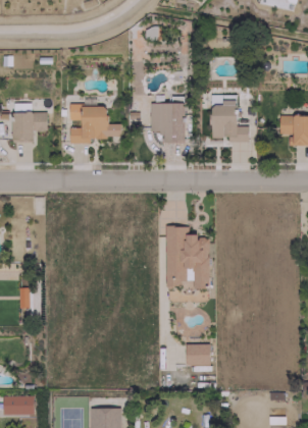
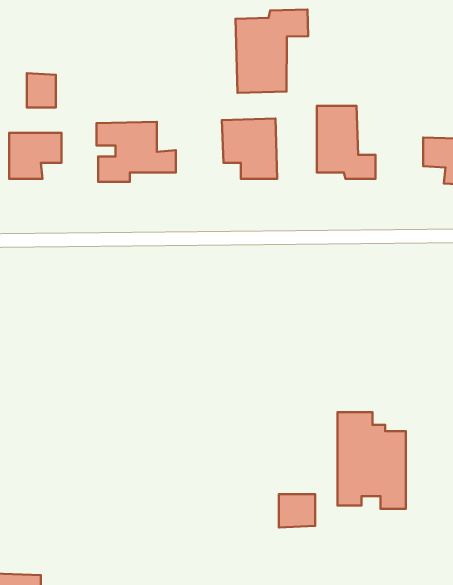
building: none -> [235,10,308,93]
building: none -> [27,73,56,108]
building: [166,225,210,287] -> [338,412,406,509]

